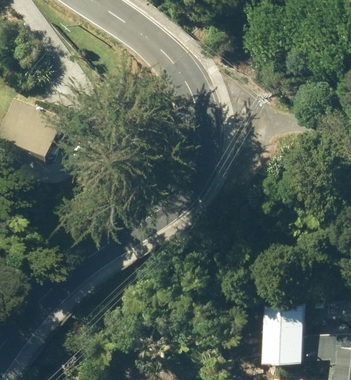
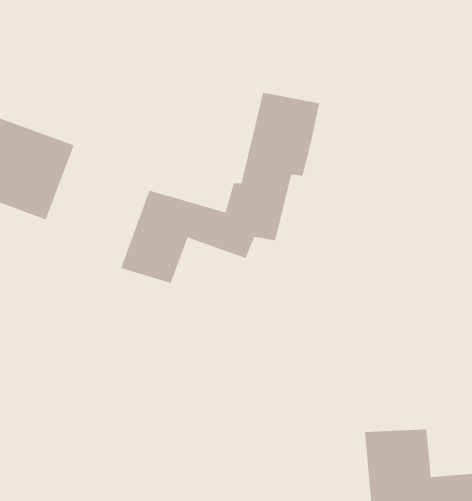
building: none -> [121,92,320,284]

